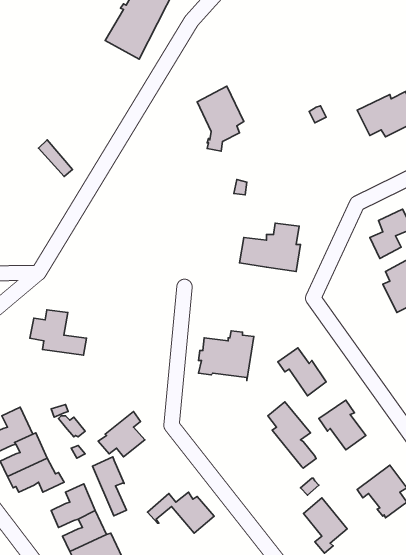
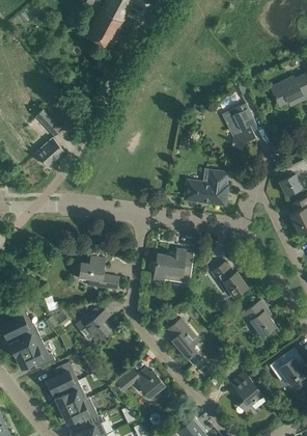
building: [197,86,244,151] -> [224,103,258,151]
building: none -> [35,138,64,166]
building: [30,310,86,355] -> [78,256,119,290]
building: [268,402,316,468] -> [168,319,203,367]
building: [92,457,126,516] -> none

